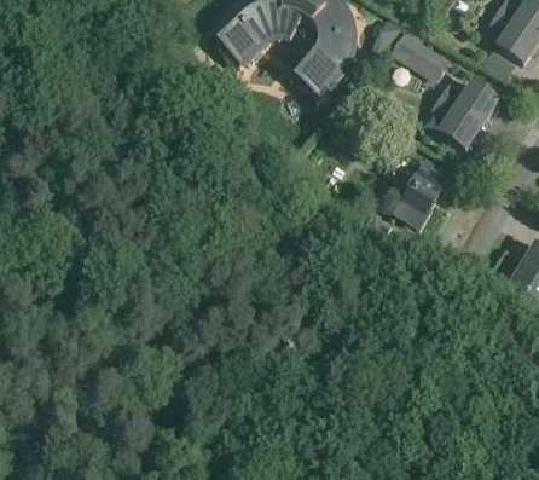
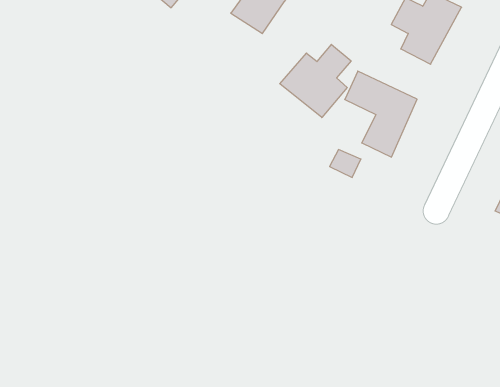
building: none -> [280,44,351,118]

